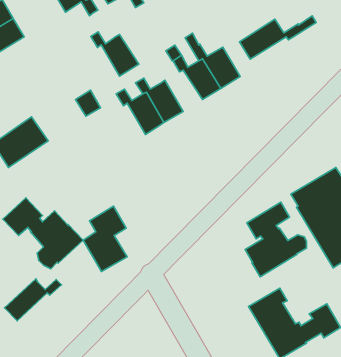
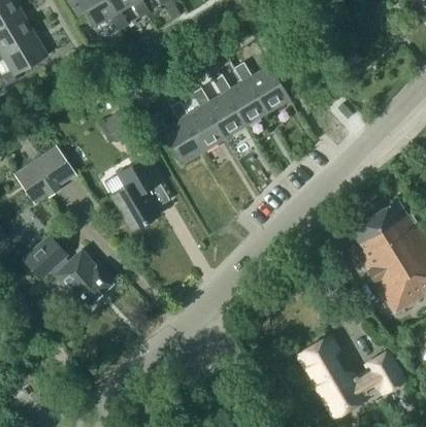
building: [240,16,316,59] -> none
building: [91,32,139,76] -> [193,89,247,138]
building: [245,202,307,277] -> none
building: [83,206,127,272] -> [110,157,160,230]
building: [5,279,62,321] -> none

